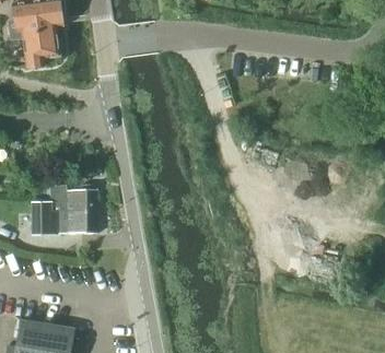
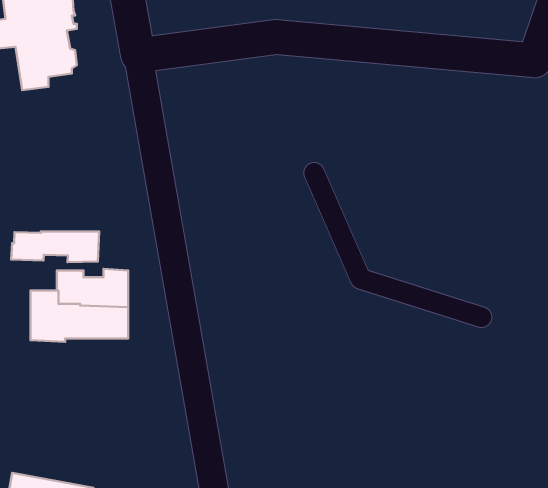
building: none -> [11,231,99,262]

